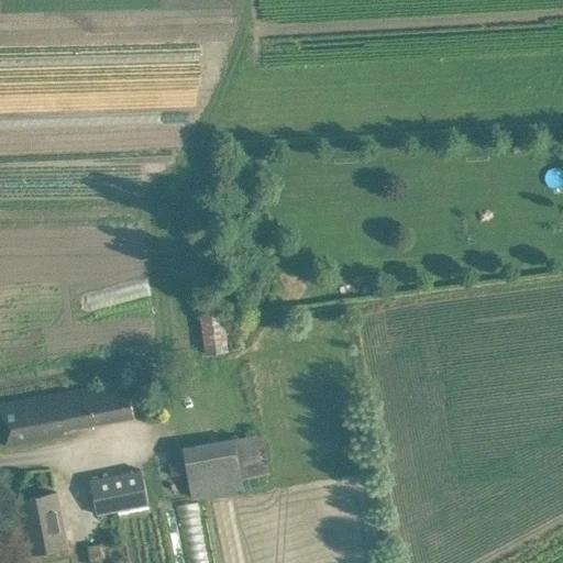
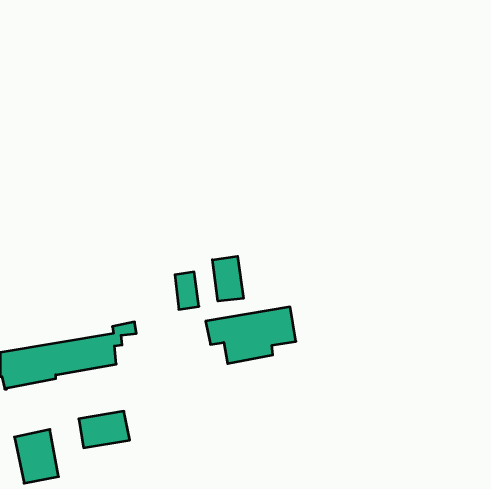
building: none -> [212,256,243,301]
building: [166,435,269,500] -> [206,307,296,364]

